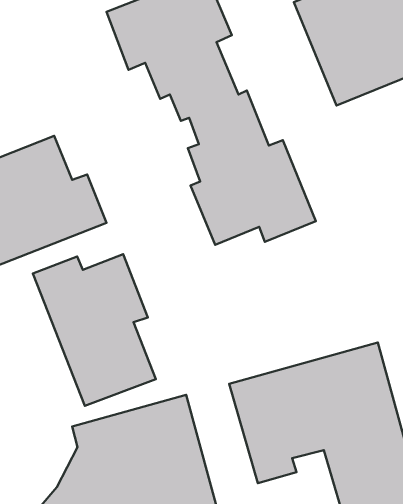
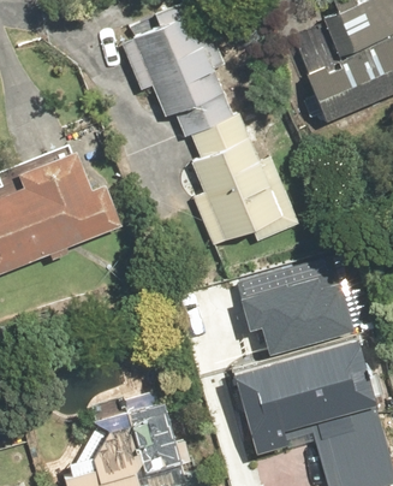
building: none -> [237,248,371,349]
building: [33,254,156,406] -> none

